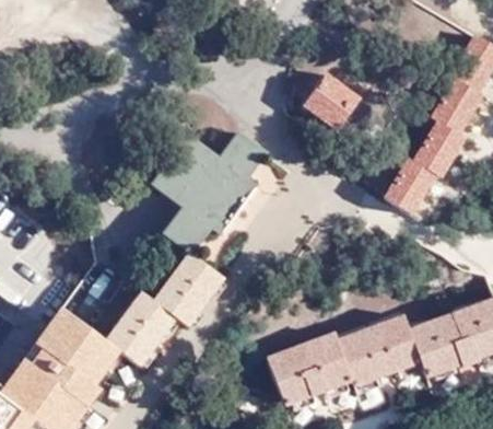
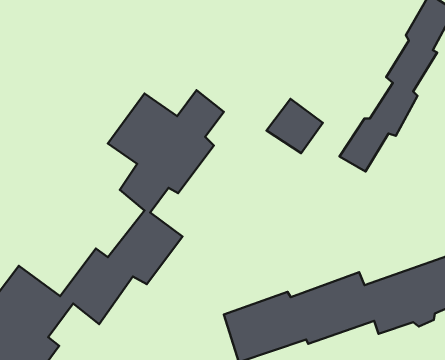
building: [305,73,362,128] -> [267,99,323,153]

